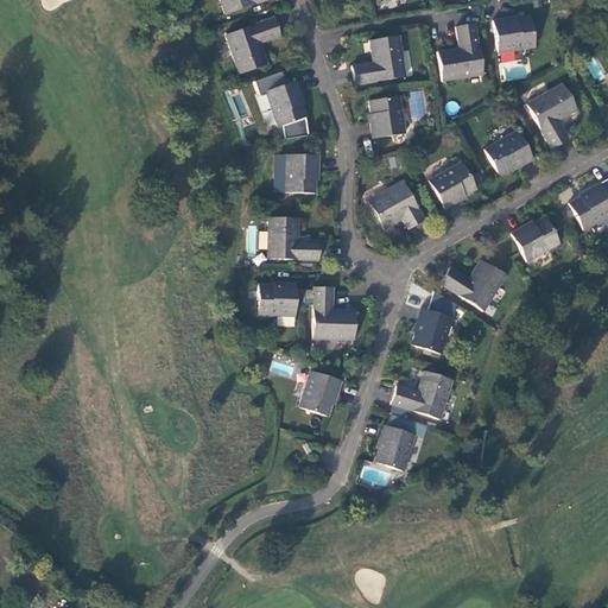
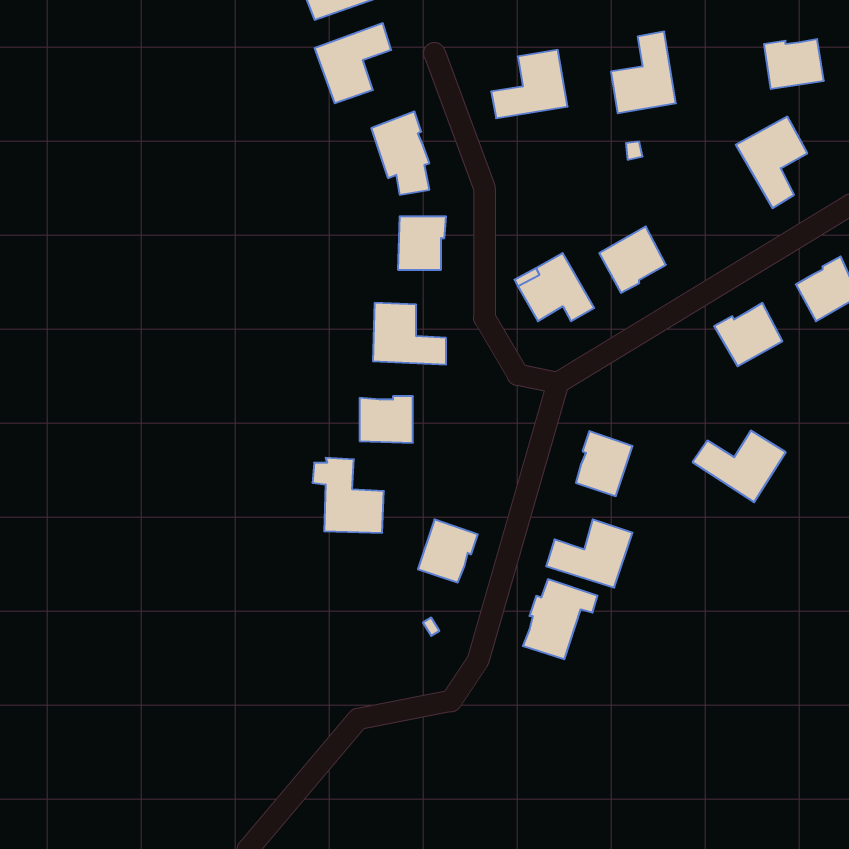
building: [493,17,536,52] -> [764,39,824,89]
building: [369,96,405,138] -> none
building: [484,131,533,176] -> none
building: [439,260,506,311] -> [693,431,786,502]
building: [304,286,355,340] -> [312,458,384,533]

